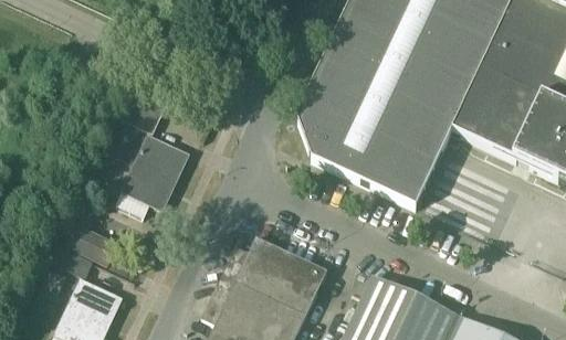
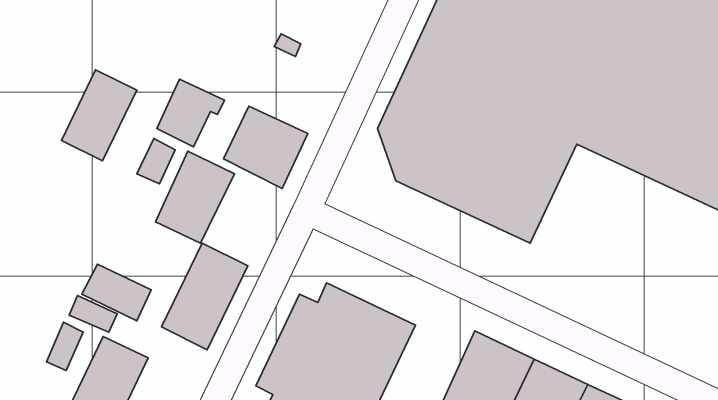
building: none -> [61,70,137,161]
building: none -> [224,106,308,188]
building: none -> [162,243,248,350]

